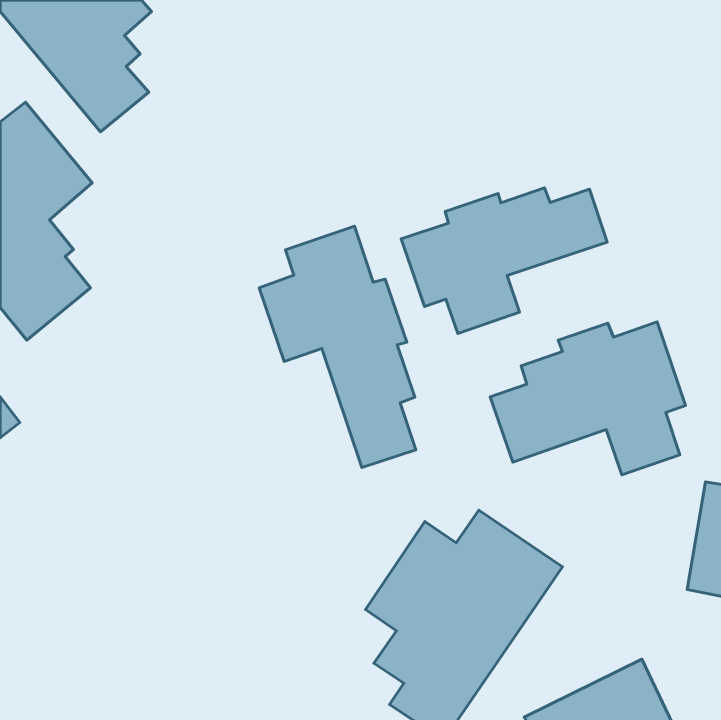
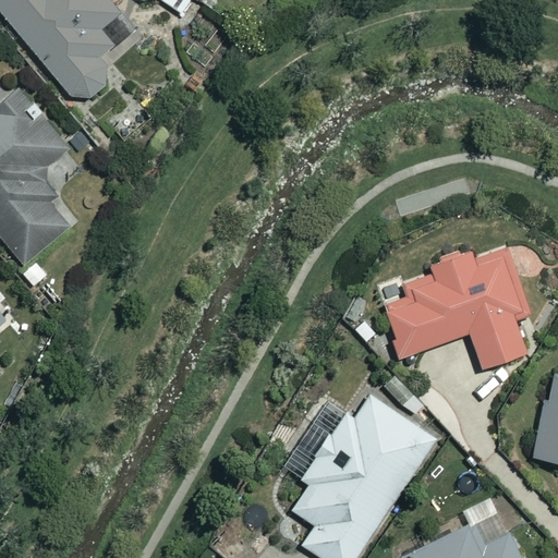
building: [401,188,607,333] -> none
building: [259,226,416,468] -> none

